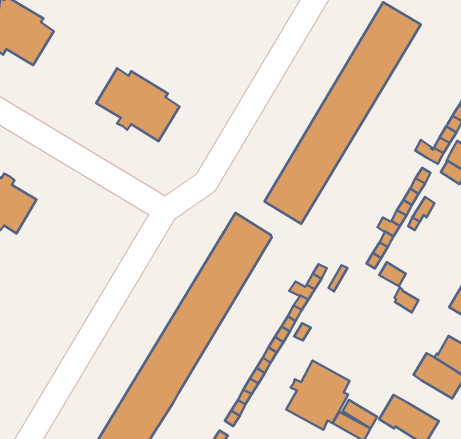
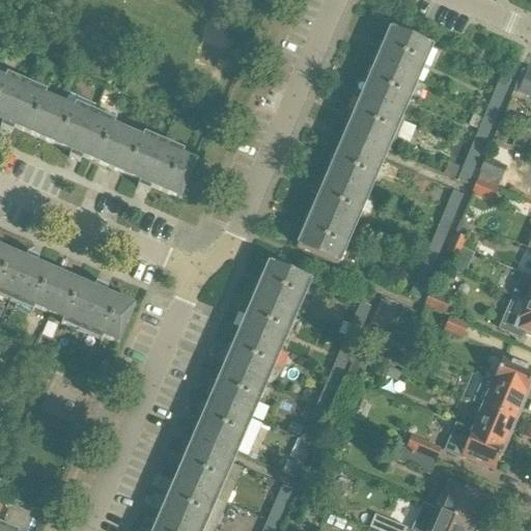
building: none -> [44,93,130,166]
building: none -> [50,272,135,339]
building: [286,361,350,430] -> none
building: none -> [466,402,515,442]

